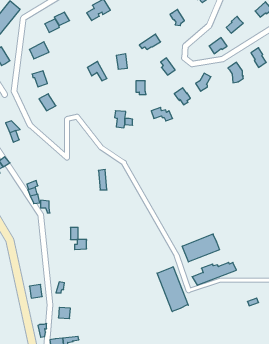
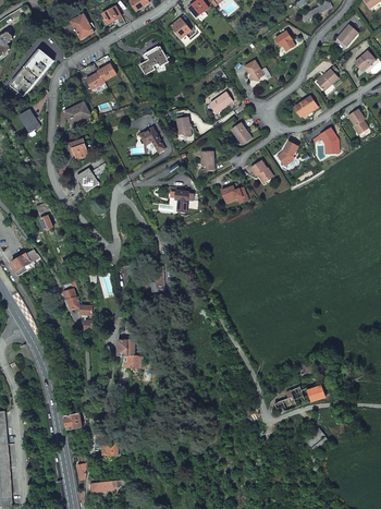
building: [182,234,220,262] -> none
building: [157,267,188,312] -> none

